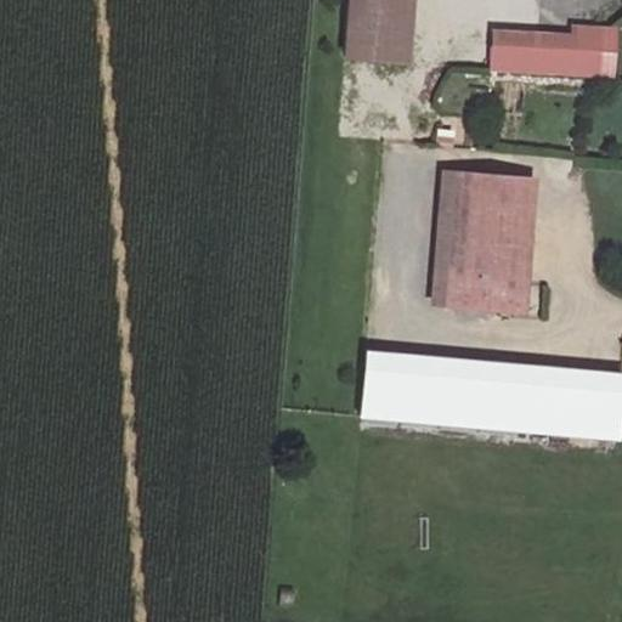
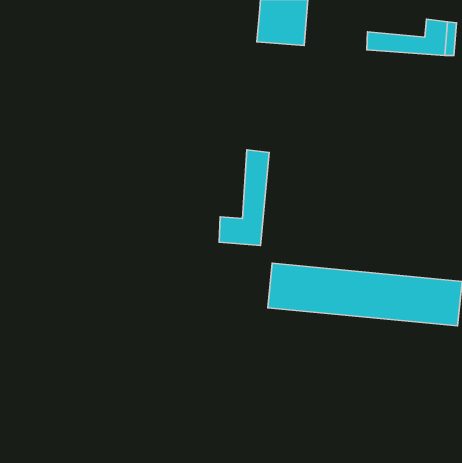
building: [432,171,535,307] -> none
building: none -> [219,150,269,245]

